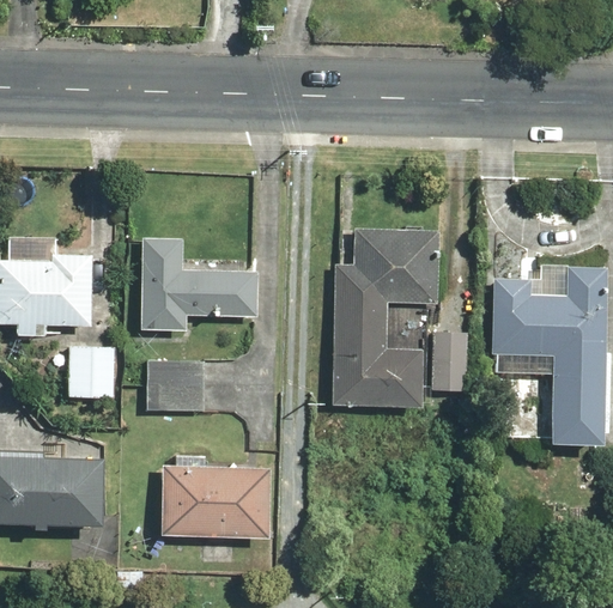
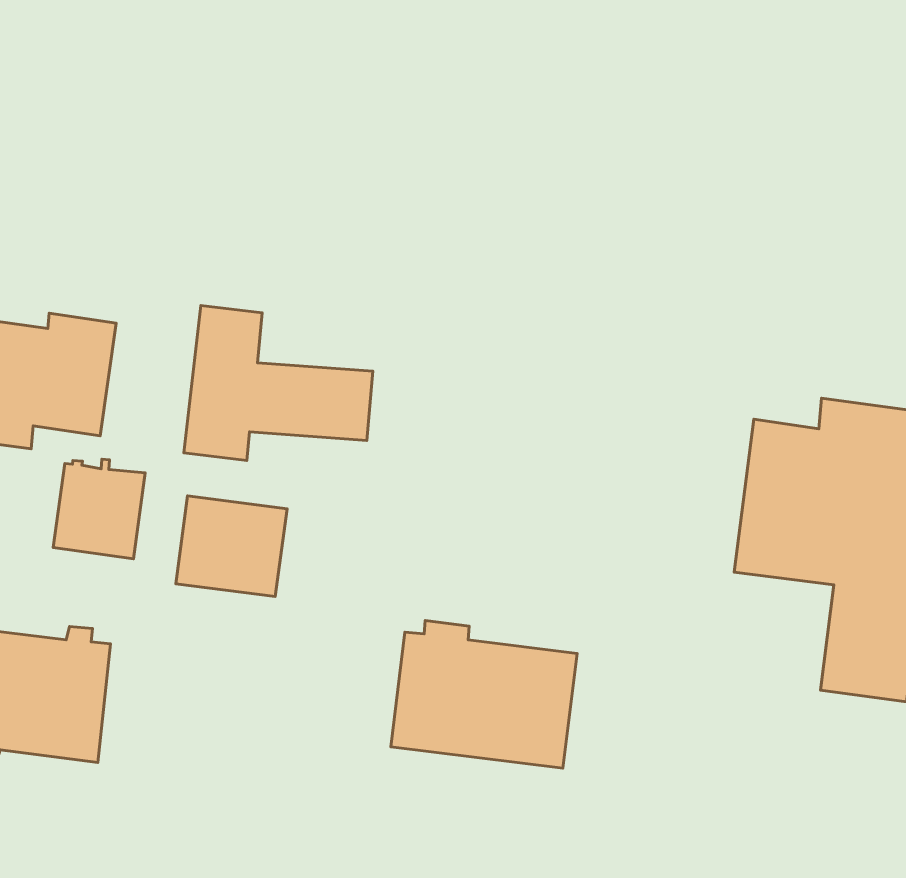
building: [333,229,435,406] -> none
building: [432,332,467,393] -> none
building: [162,455,272,539] -> [391,620,577,768]

